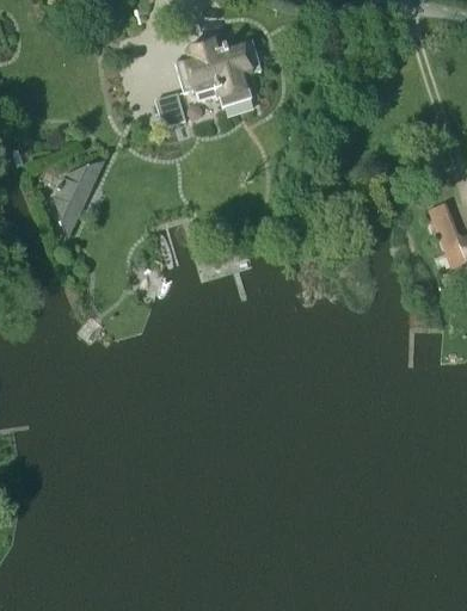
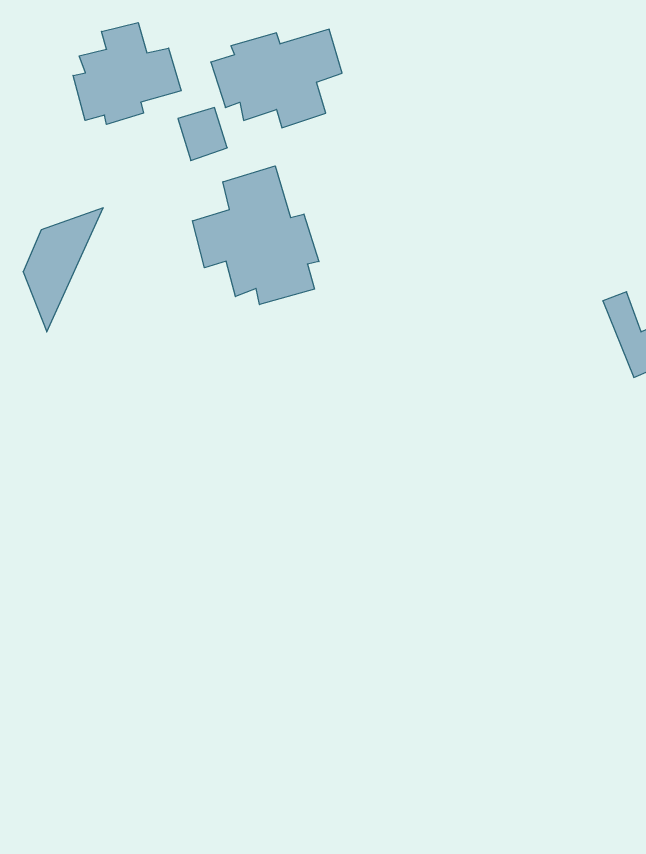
building: none -> [73,23,181,124]
building: none -> [192,166,319,305]

